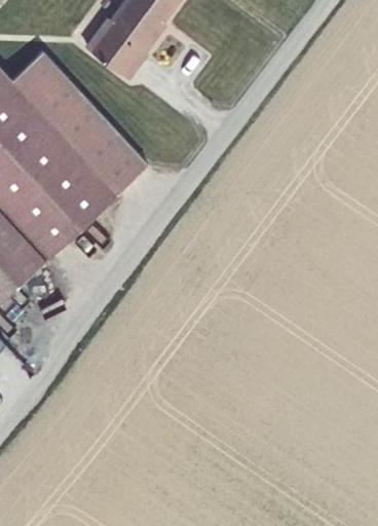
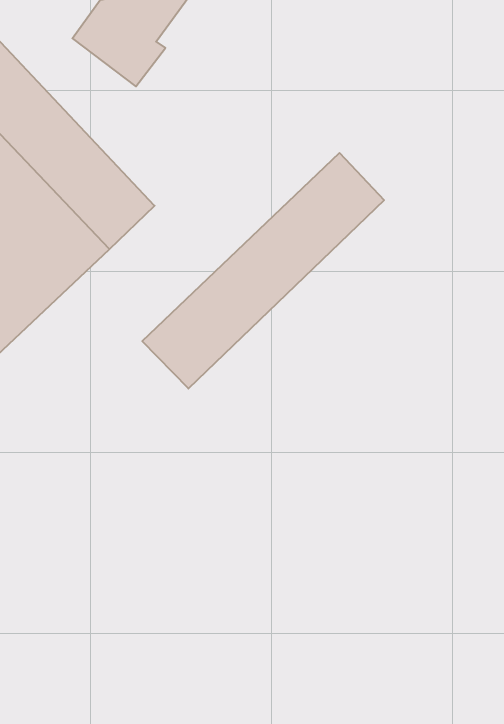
building: none -> [142,153,384,389]

